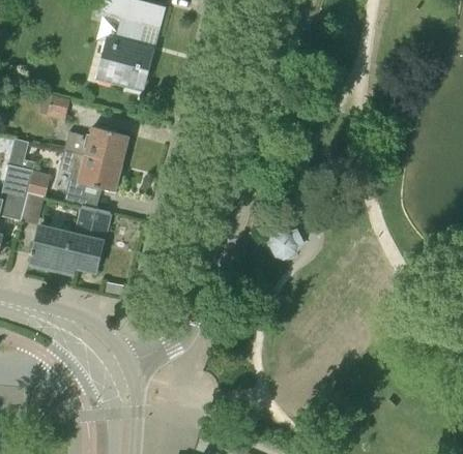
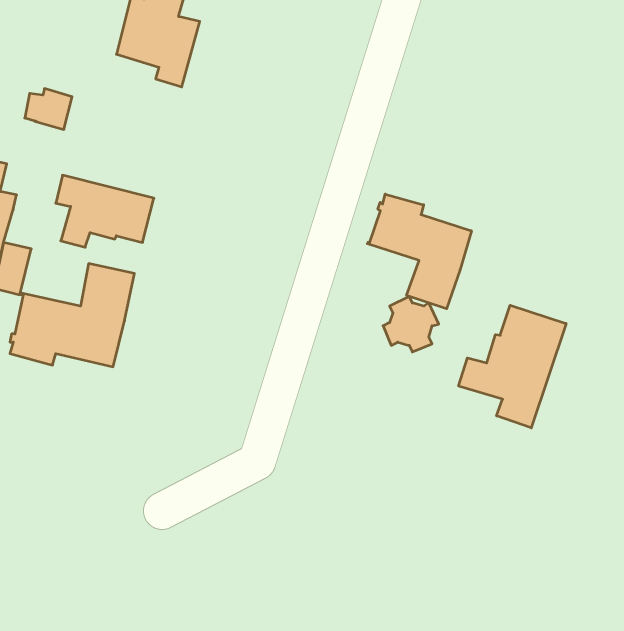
building: [64,125,129,163] -> none
building: none -> [367,194,471,309]
building: none -> [459,305,566,428]

